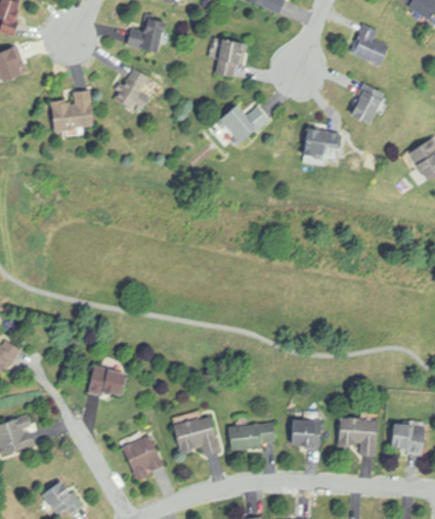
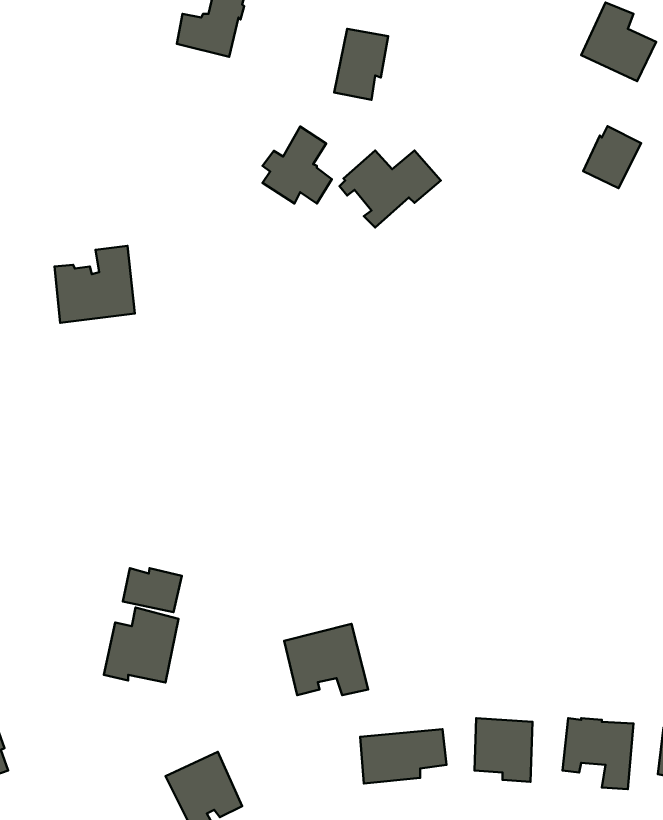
building: [114,69,151,111] -> [263,127,332,203]
building: [50,90,94,132] -> [54,246,135,323]
building: [305,128,341,160] -> none
building: none -> [123,568,182,612]
building: [173,416,219,455] -> [284,624,368,695]

